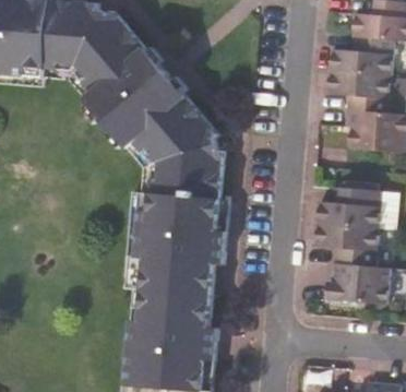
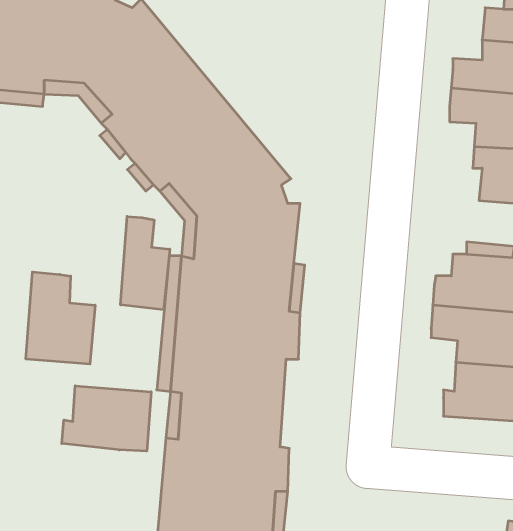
building: none -> [121,216,170,310]
building: none -> [26,272,95,364]
building: none -> [62,386,151,451]

